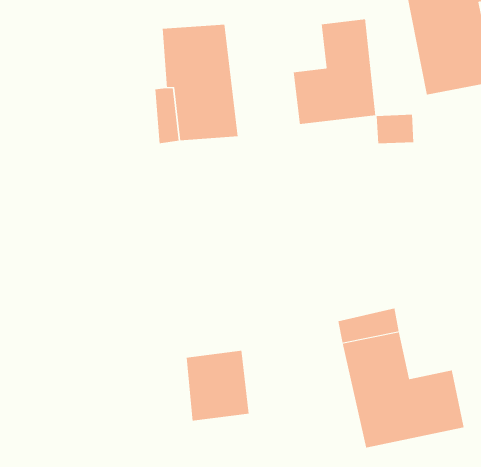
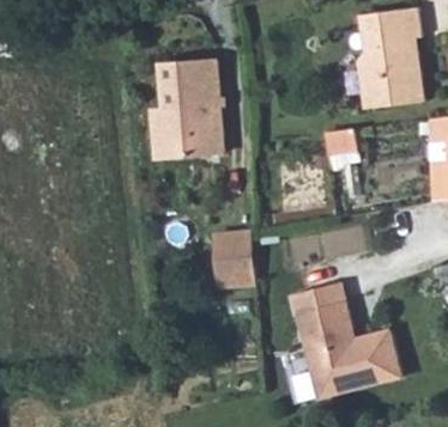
building: [293,19,376,125] -> none
building: [186,350,249,421] -> [206,228,258,286]

